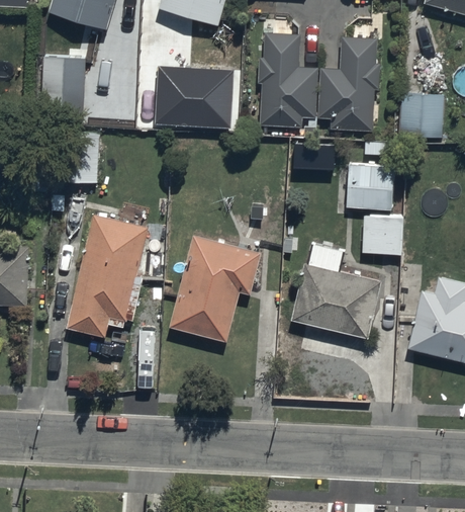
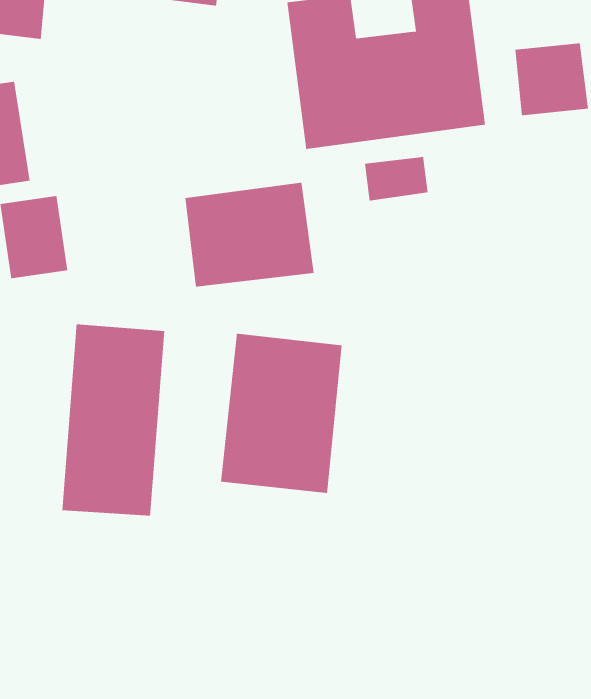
building: [154,67,232,129] -> [185,182,315,287]
building: [347,161,393,206] -> none
building: [363,212,402,250] -> none
building: [291,264,381,339] -> none

